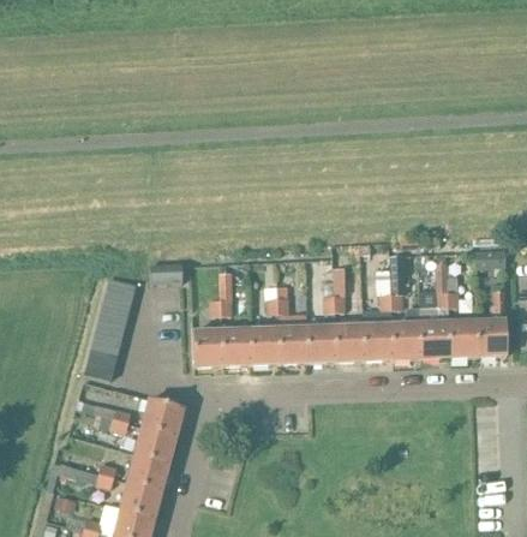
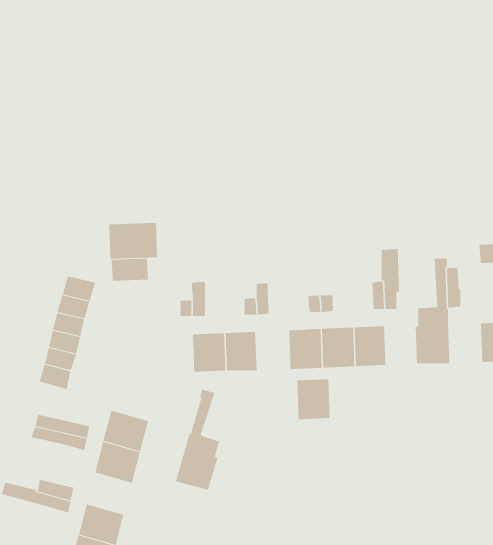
building: none -> [109,222,158,259]
building: [448,321,477,357] -> none
building: [391,323,419,358] -> none
building: [277,327,307,363] -> [297,379,330,420]
building: [192,330,222,365] -> none
building: none -> [175,389,220,491]
building: [127,453,168,490] -> none

